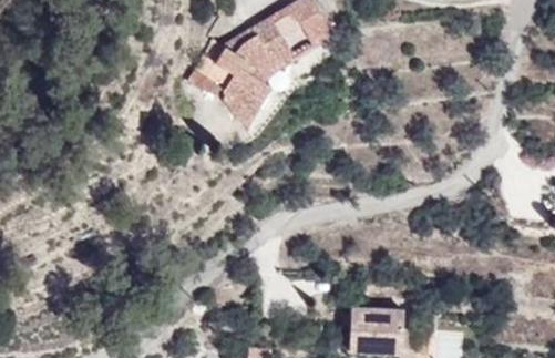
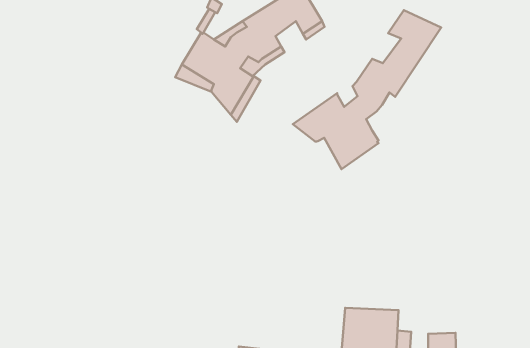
building: none -> [293,10,441,169]

